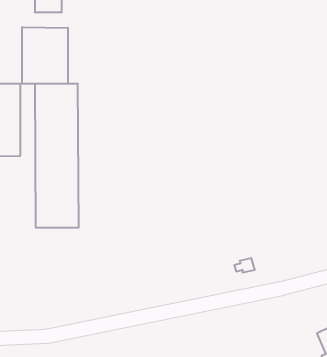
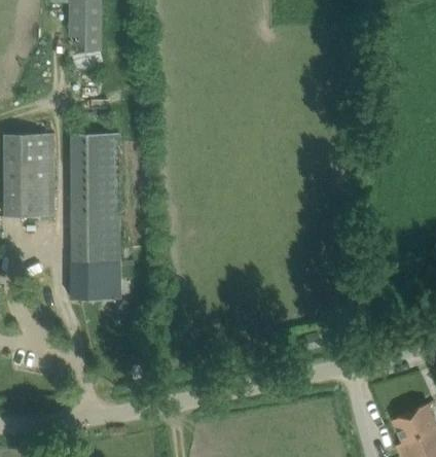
building: [22,27,68,84] -> none

